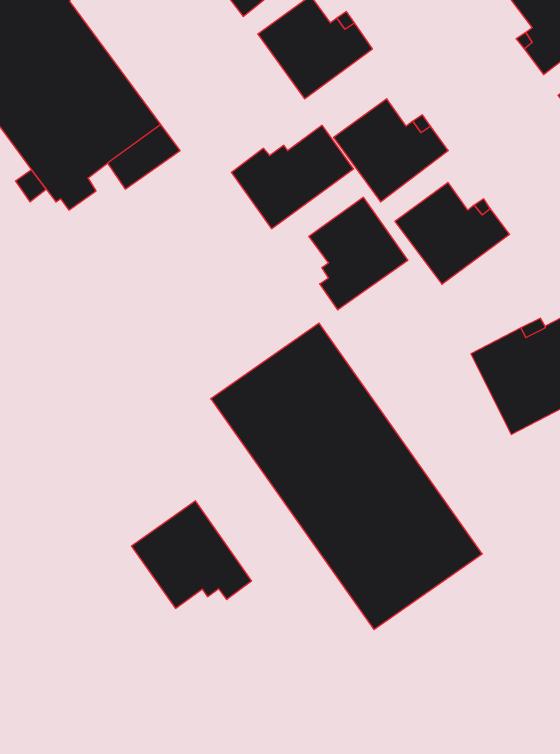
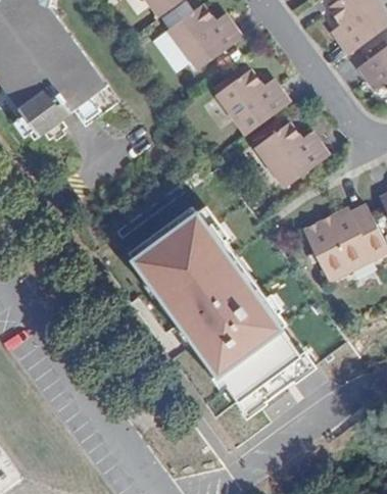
building: [231,125,354,229] -> none
building: [309,197,408,310] -> none
building: [132,501,251,608] -> none

